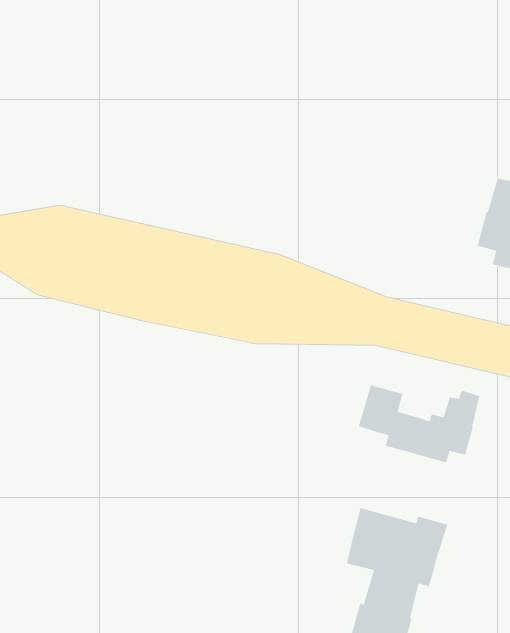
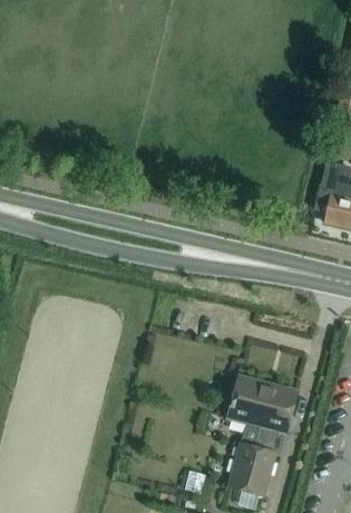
building: [358,385,480,463] -> none

